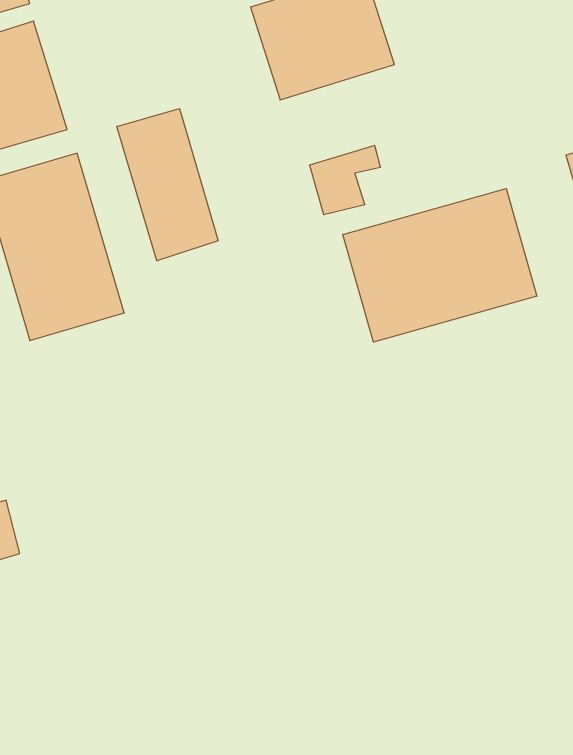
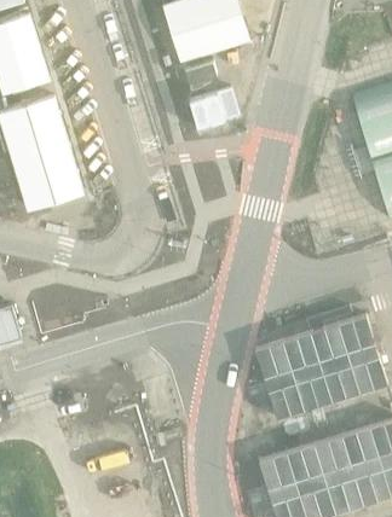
building: [117,109,218,261] -> none
building: [343,189,537,342] -> none

